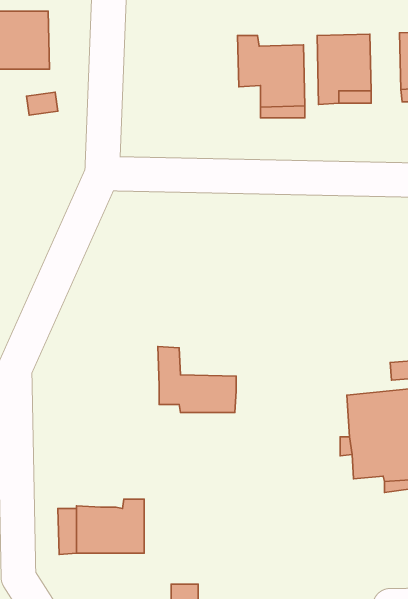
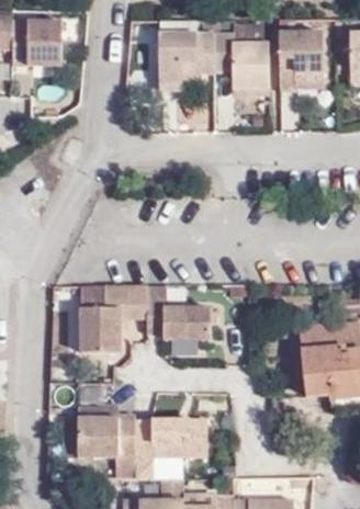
building: none -> [153,34,214,84]
building: none -> [82,286,149,353]
building: none -> [137,420,210,479]

